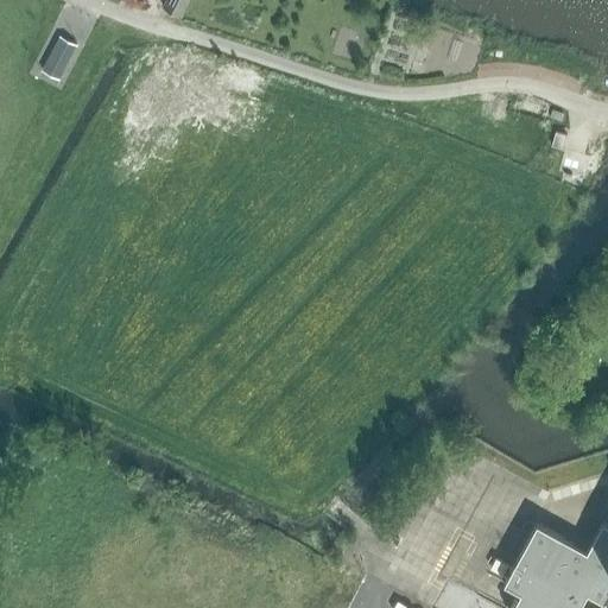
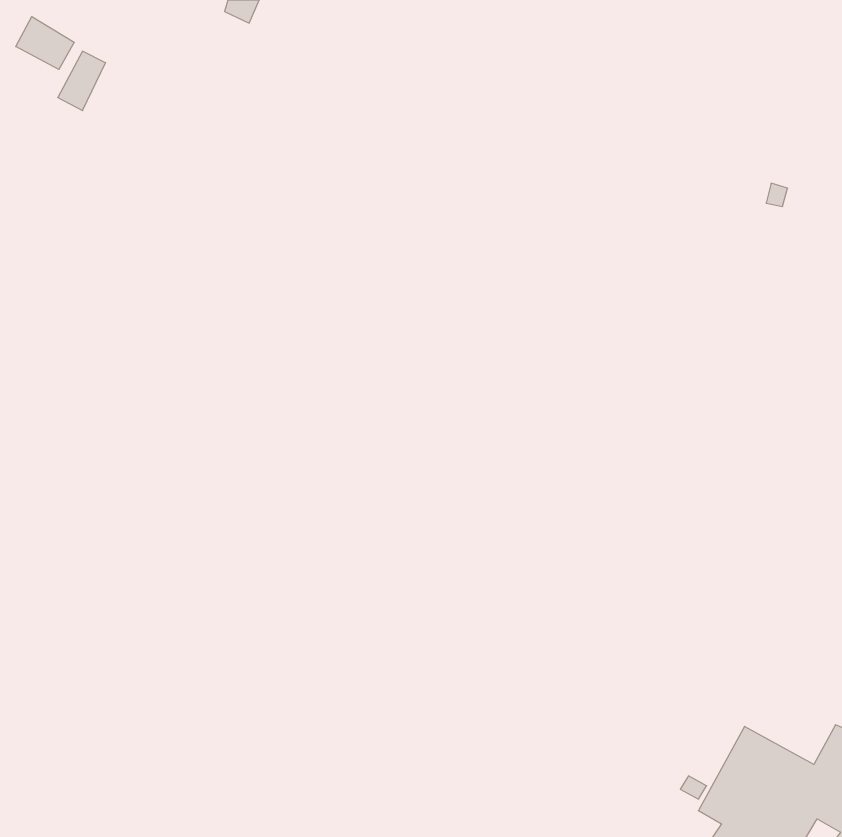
building: none -> [16,17,74,69]

